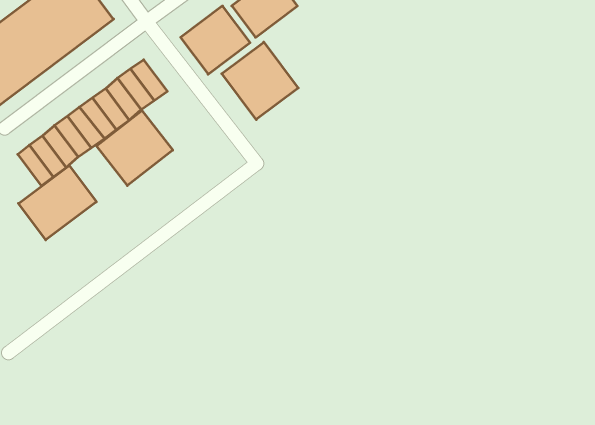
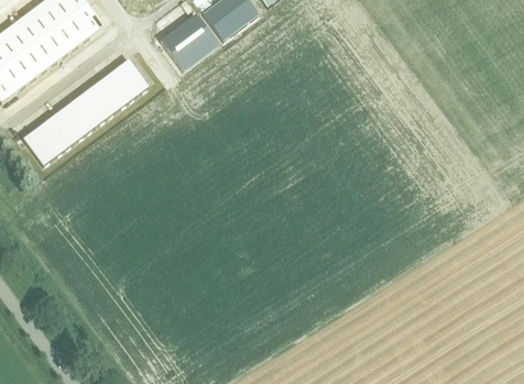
building: [222,42,298,120] -> none
building: [96,110,173,186] -> none
building: [18,165,96,240] -> none

